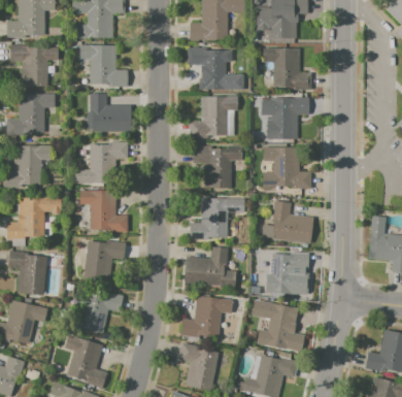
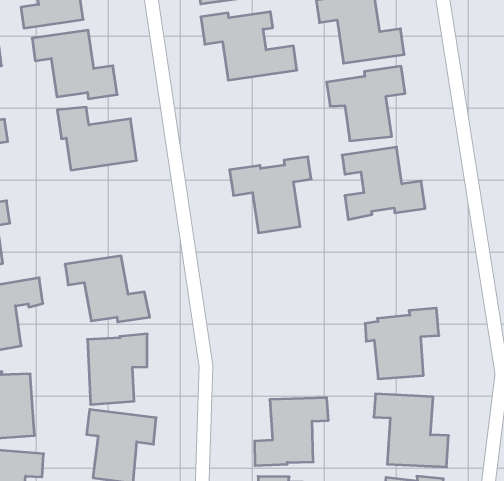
building: [189,97,237,139] -> none
building: [72,142,127,187] -> none
building: [189,198,244,239] -> none
building: [262,201,313,243] -> none
building: [182,246,234,287] -> none

